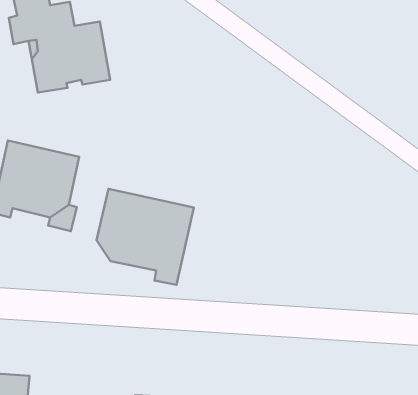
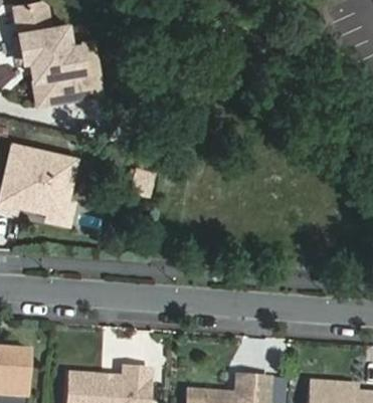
building: [97,189,194,285] -> none

